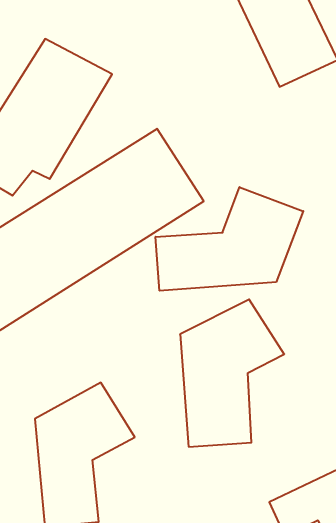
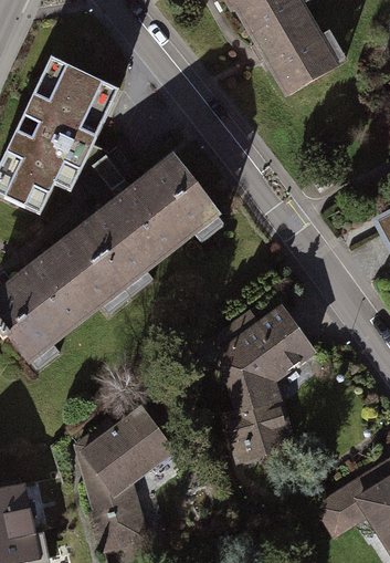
building: [156,187,303,291] -> none

